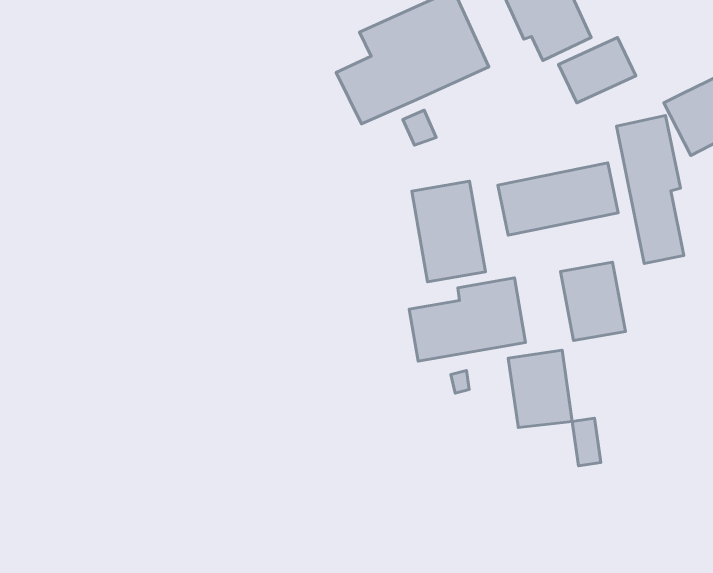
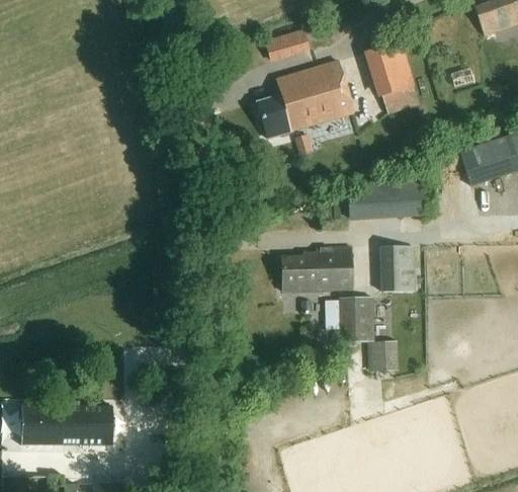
building: [559,37,636,103] -> none
building: [616,116,684,263] -> none
building: [412,181,485,282] -> none

